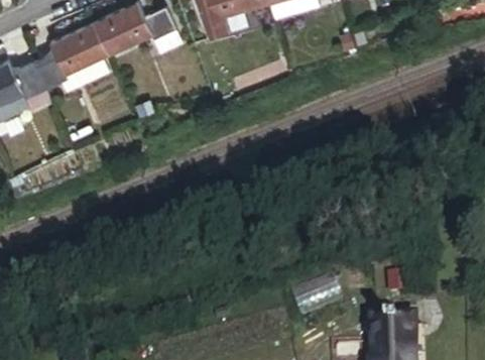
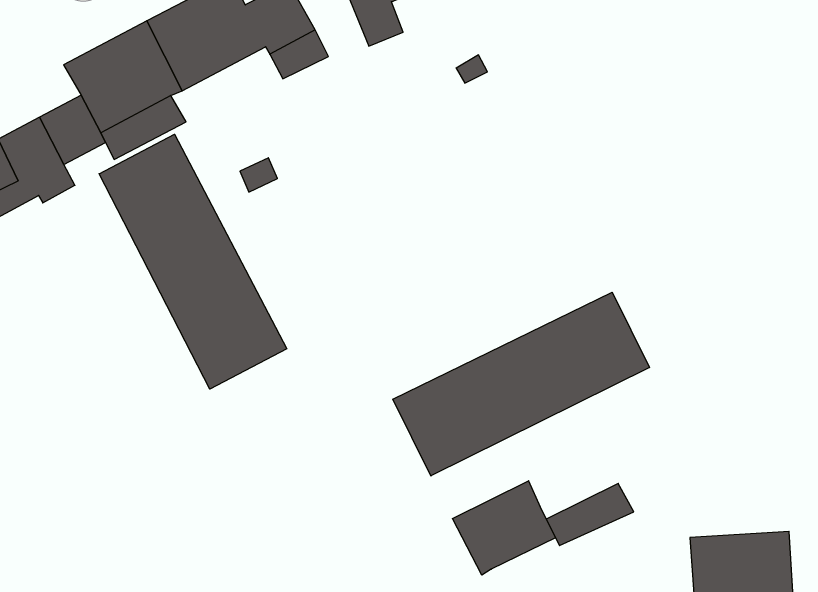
building: none -> [99,134,287,389]
building: none -> [393,292,649,476]
building: none -> [452,481,556,575]

